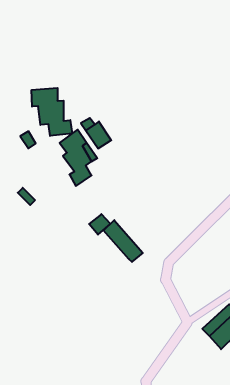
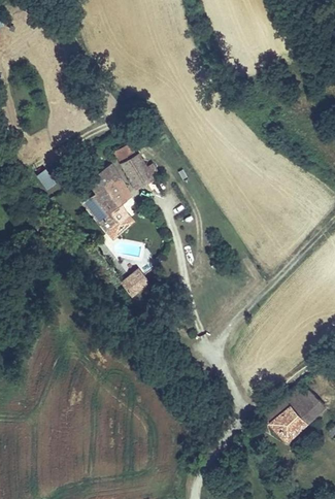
building: [32,88,72,136] -> none
building: [104,220,143,262] -> none

